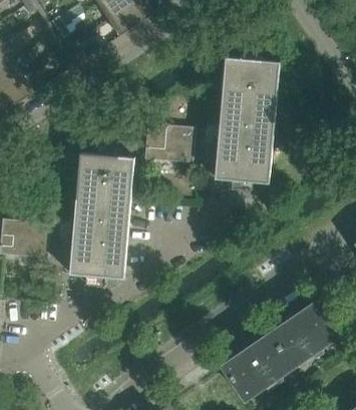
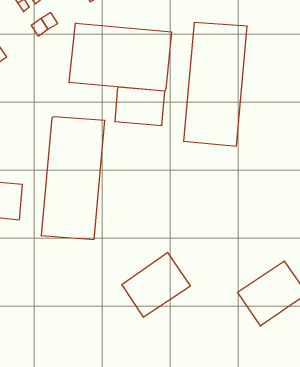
building: none -> [69,23,172,91]
building: [222,333,292,399] -> [122,252,190,317]

